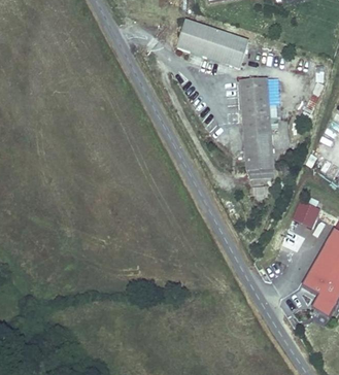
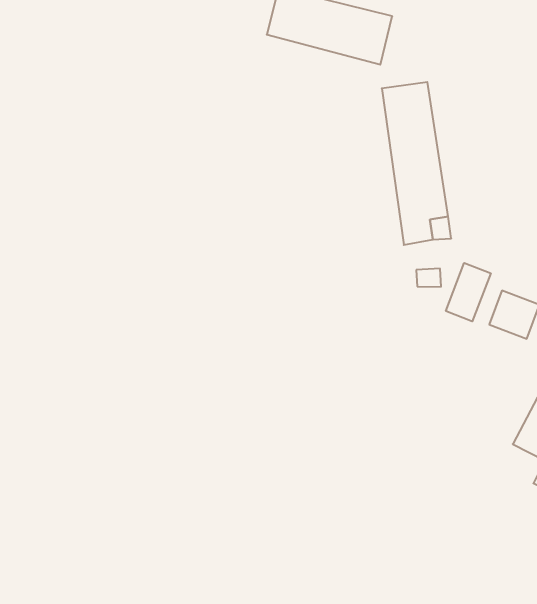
building: none -> [446,263,491,321]

